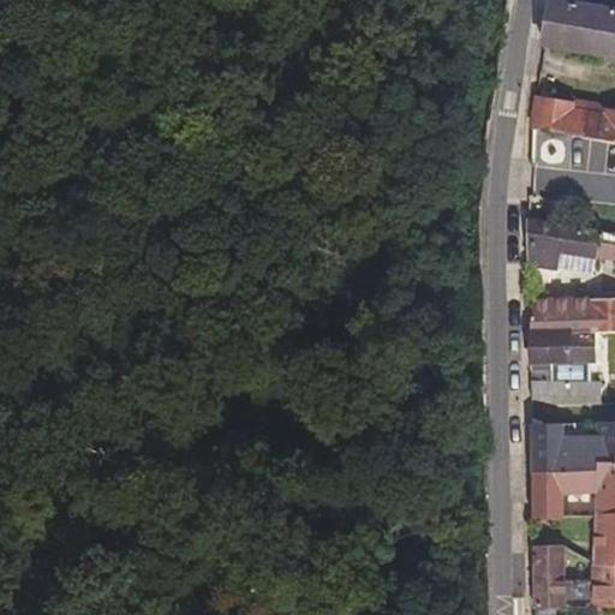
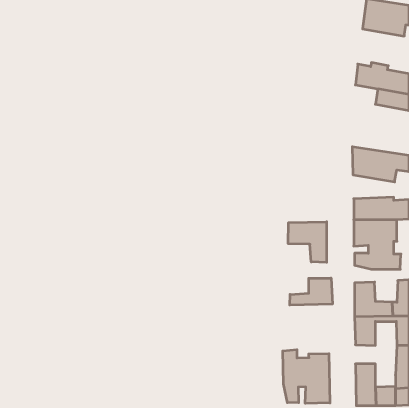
building: none -> [288,222,327,262]
building: none -> [290,278,332,305]
building: none -> [283,350,330,403]

